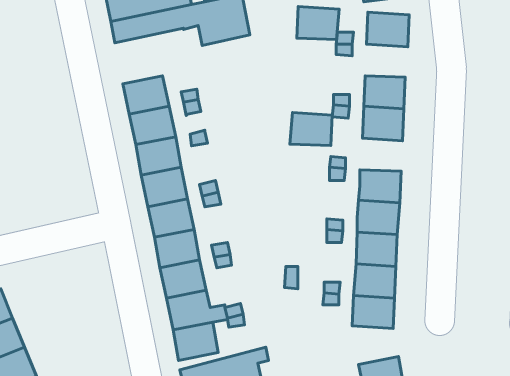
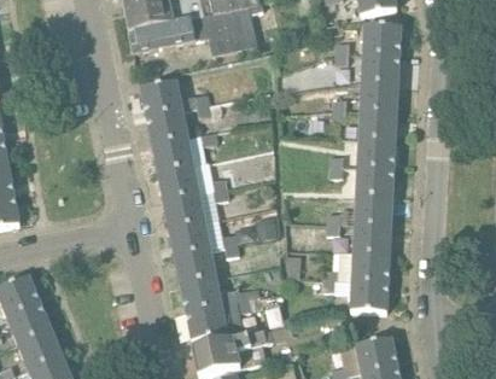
building: [297,7,339,40] -> [361,51,399,81]
building: [290,113,332,146] -> [356,136,395,167]

